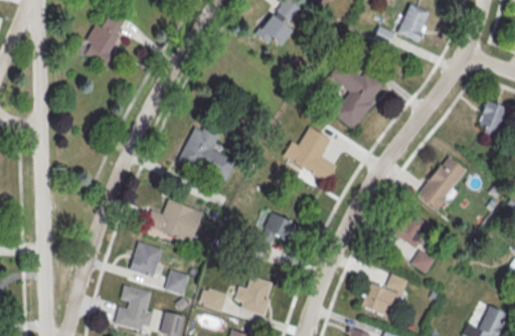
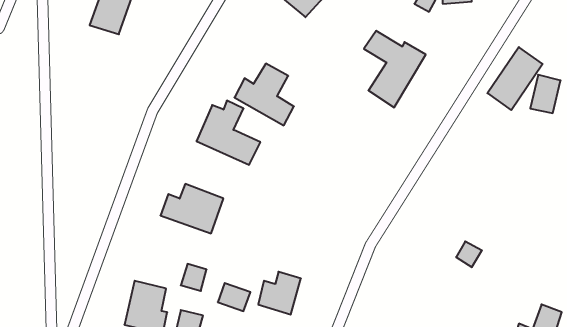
building: [283,127,336,182] -> [234,64,294,125]
building: [417,154,467,210] -> [487,47,543,110]
building: [394,210,433,248] -> none
building: [256,211,295,248] -> none
building: [130,241,162,277] -> none
building: [362,274,406,318] -> none

